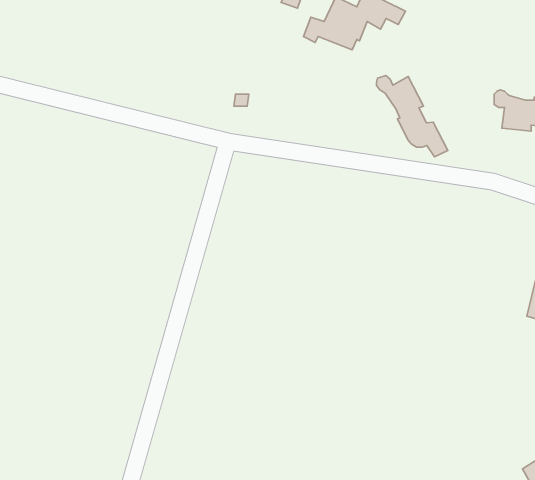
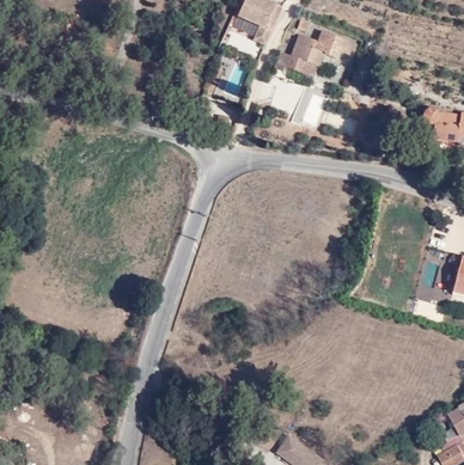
building: [376,75,448,157] -> none

